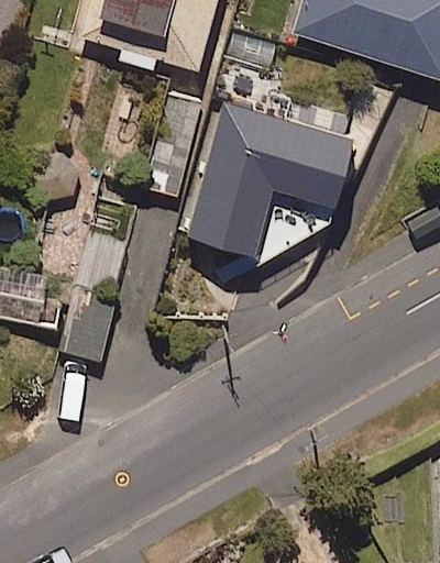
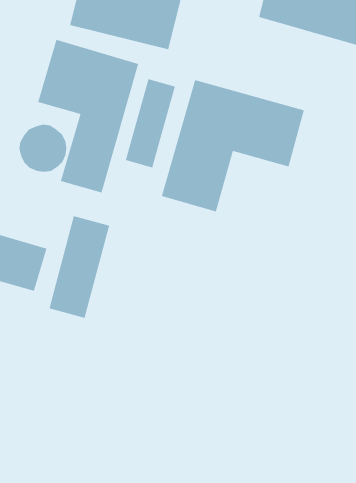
building: none -> [37,39,139,194]

